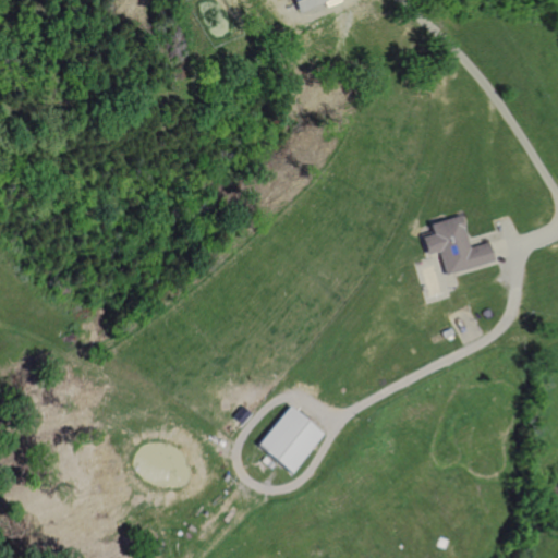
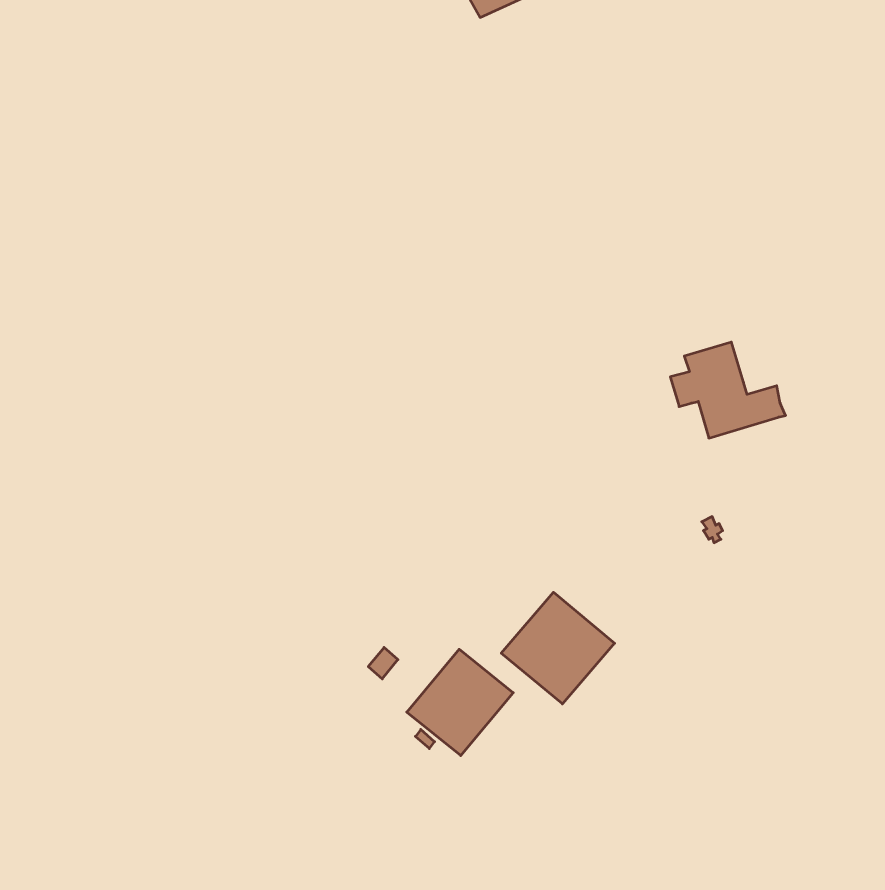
building: none -> [501,592,615,704]

